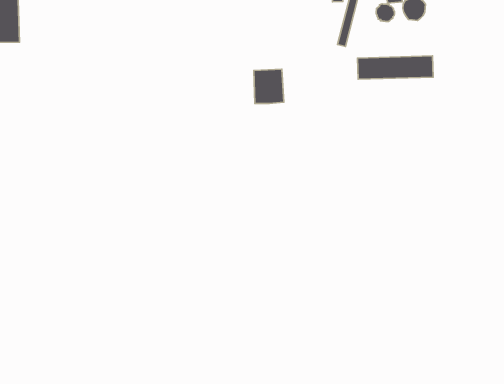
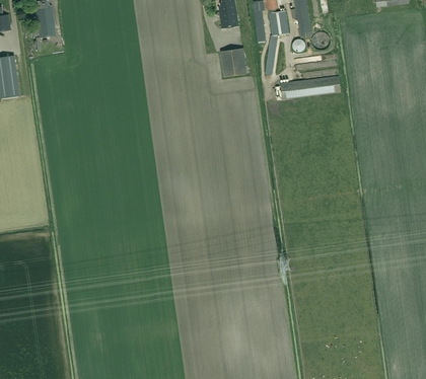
building: [254,69,284,103] -> [220,48,245,76]

